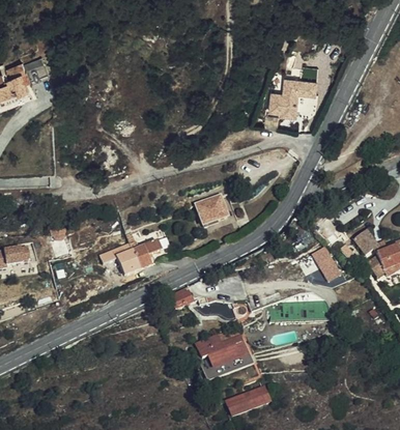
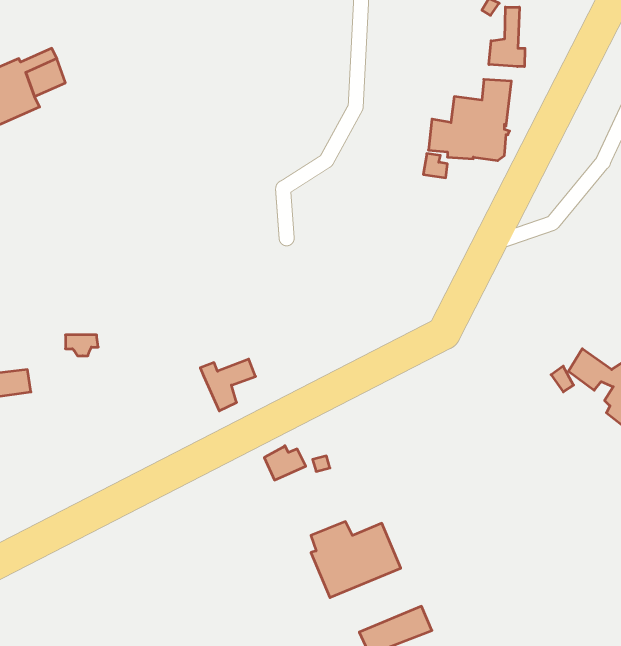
building: none -> [489,7,525,67]
building: [197,194,228,223] -> none
building: [117,245,142,276] -> none
building: [312,245,343,283] -> none

